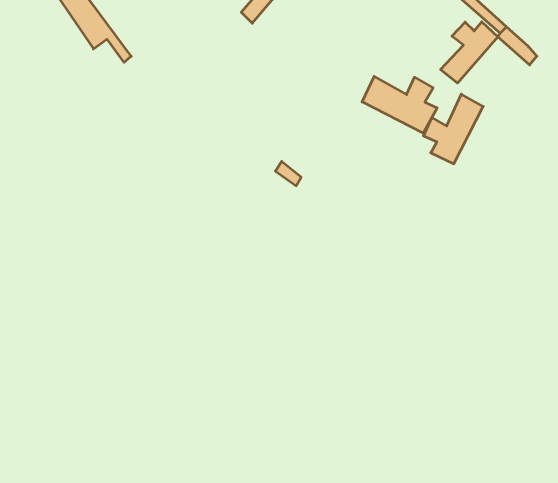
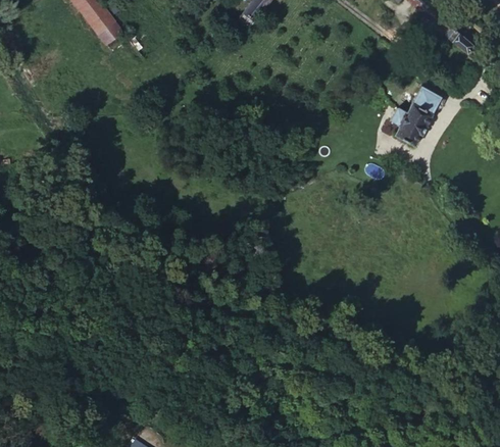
building: [441,22,498,83] -> none
building: [362,76,437,133] -> none

